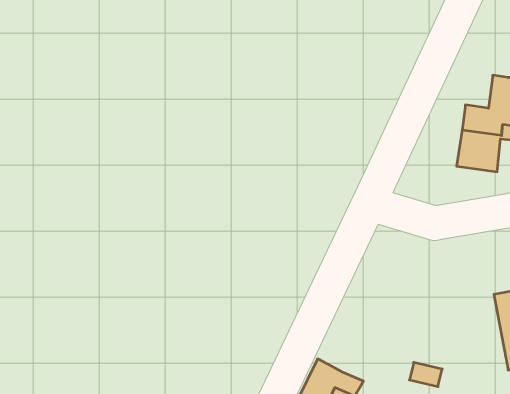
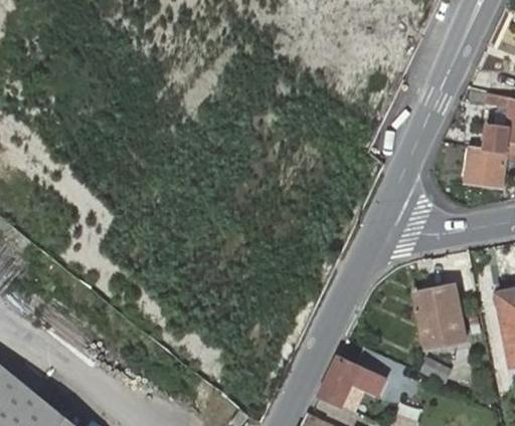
building: none -> [413,285,463,349]

